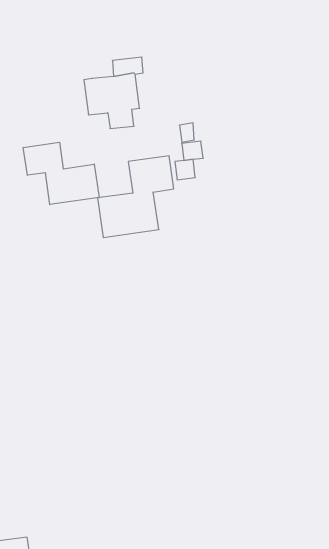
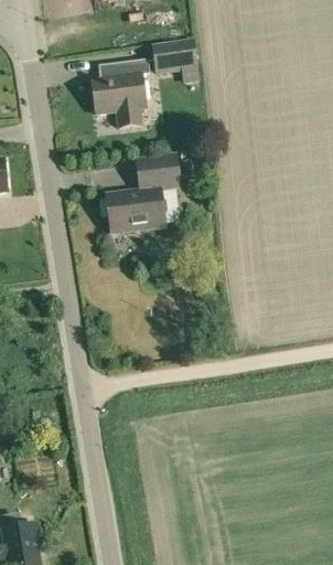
building: none -> [151,40,197,83]
building: [23,142,99,205] -> none

